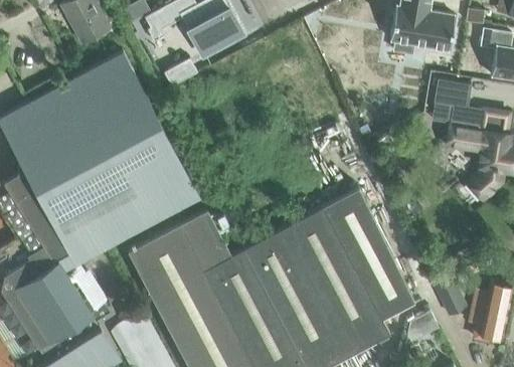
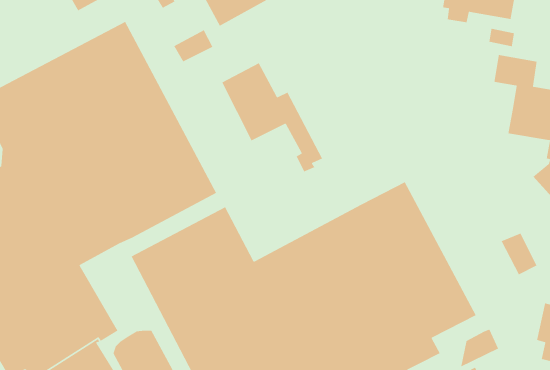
building: none -> [221,62,323,172]
building: [435,279,466,315] -> [501,233,538,275]

